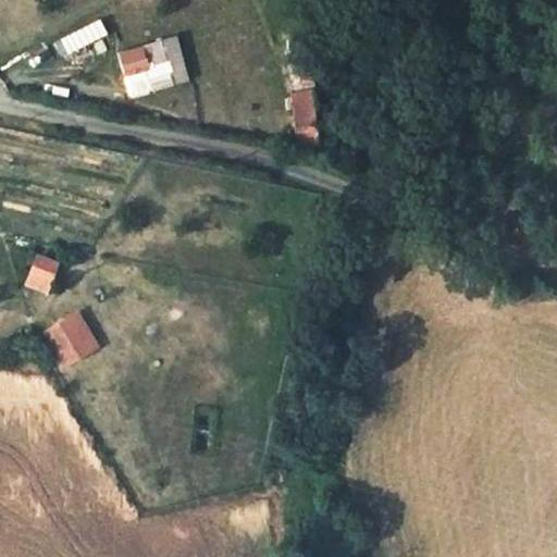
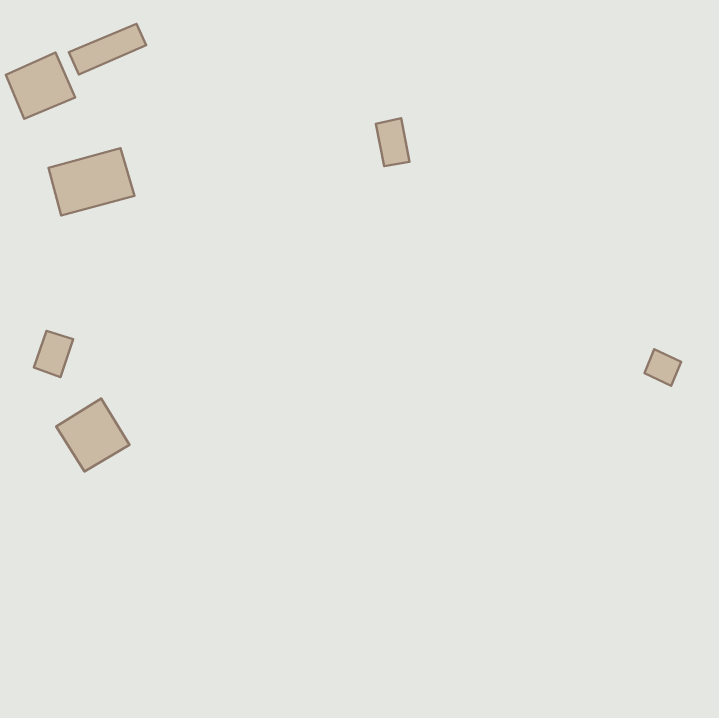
building: [121,39,187,91] -> [49,148,134,216]
building: none -> [6,53,75,119]

